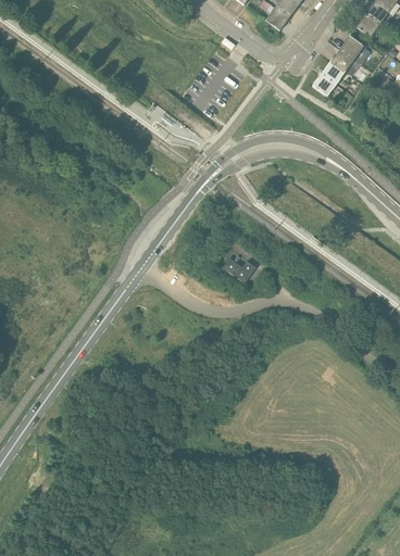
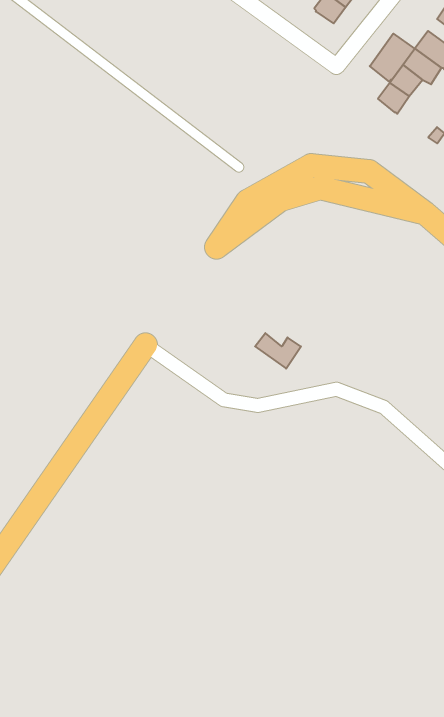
building: none -> [370,34,415,82]

